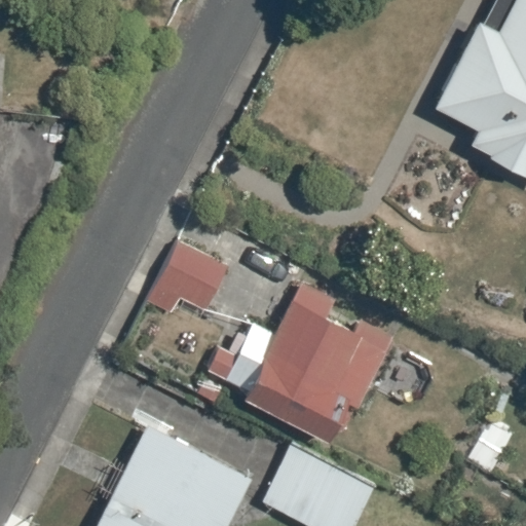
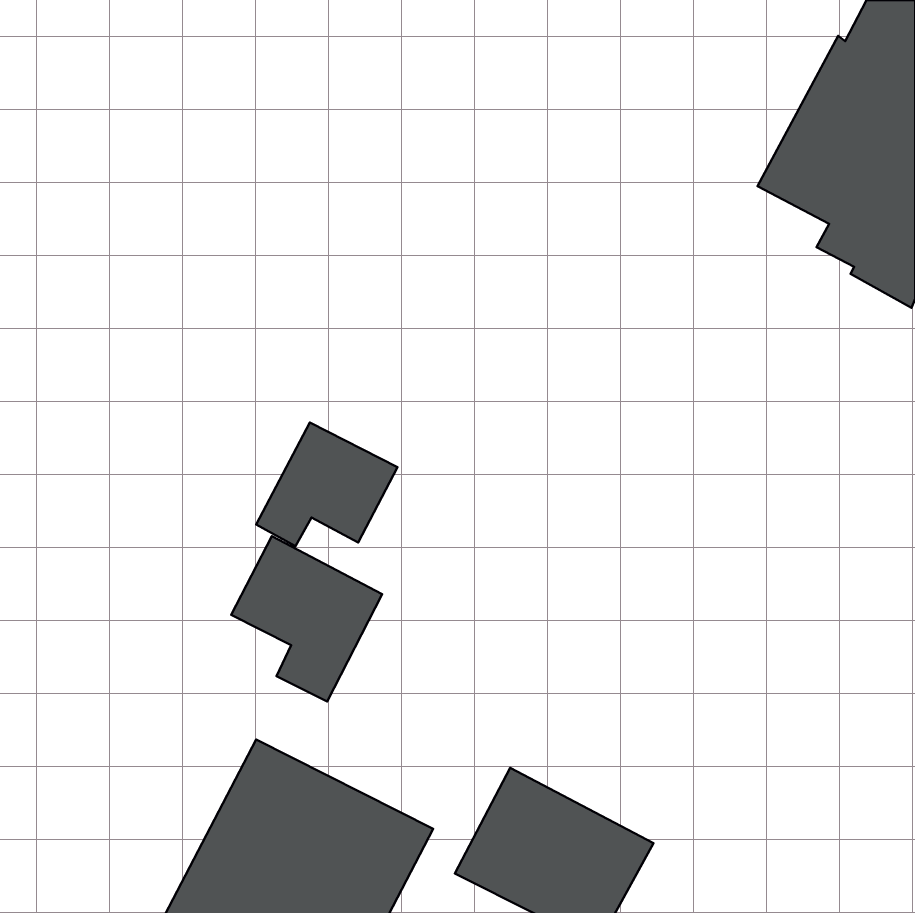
building: [206,285,391,440] -> none
building: none -> [231,536,382,701]

